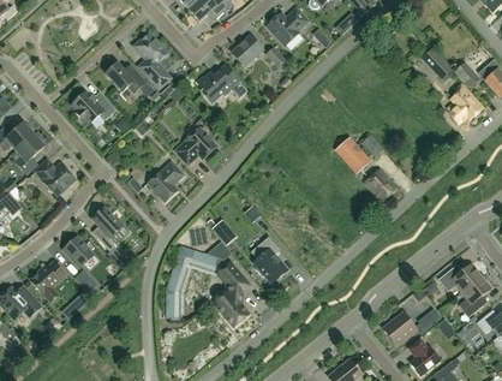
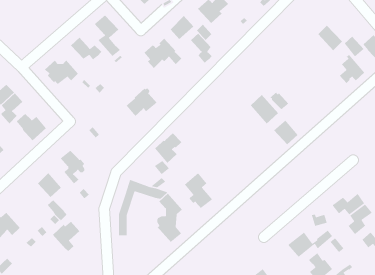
building: none -> [190,33,212,64]
building: [148,162,184,202] -> [154,133,182,164]
building: [30,262,66,302] -> [52,221,80,252]

